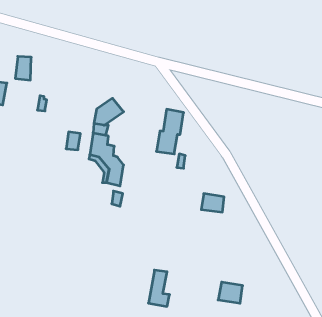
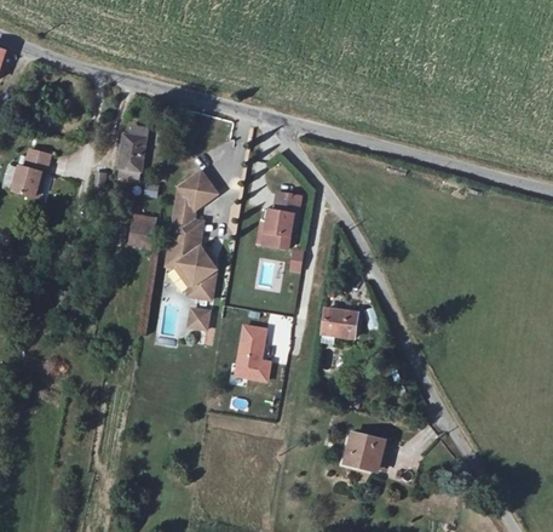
building: [15,56,31,80] -> [119,138,142,172]
building: [148,270,170,306] -> [242,326,272,378]

